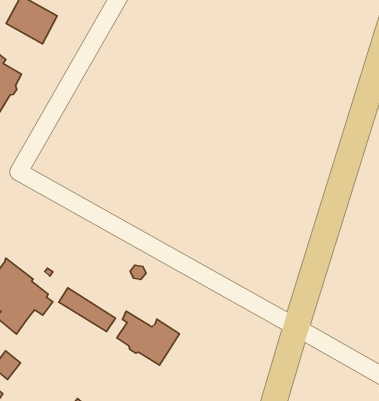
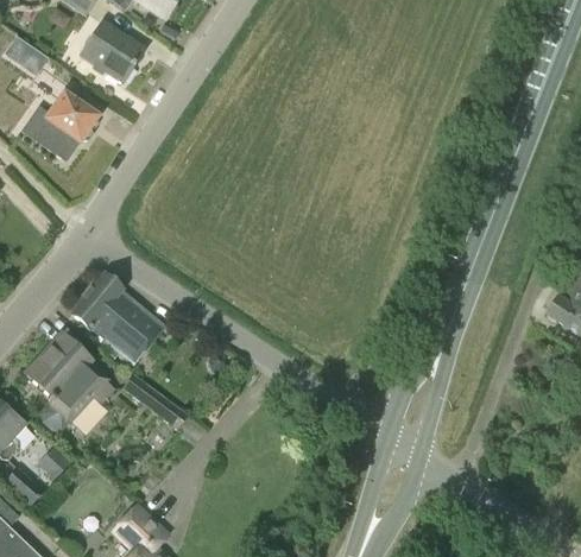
building: none -> [72,274,165,363]
building: [117,311,180,365] -> none

